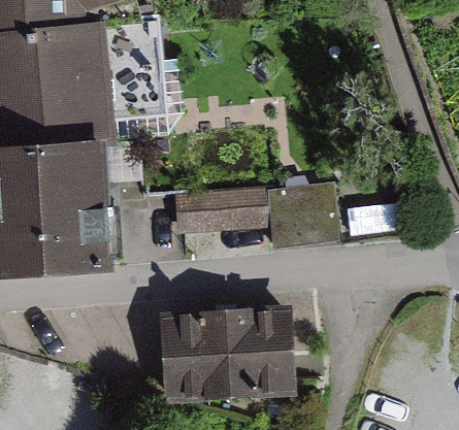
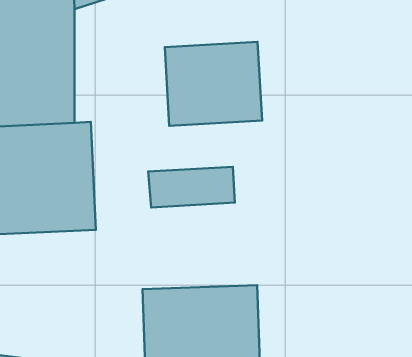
building: none -> [165,42,262,126]

